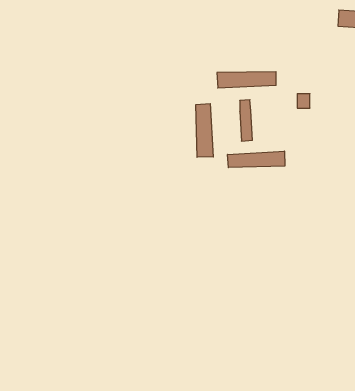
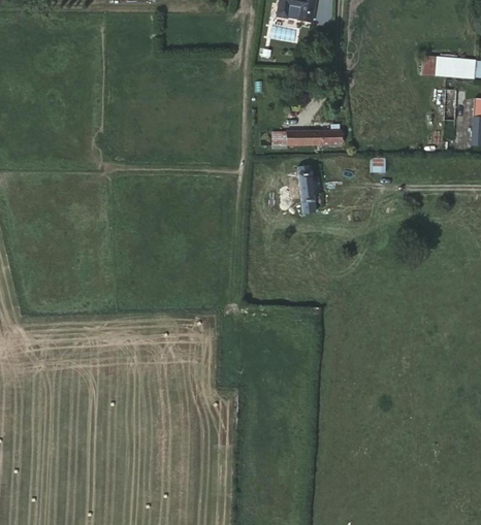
building: [196,104,213,157] -> none
building: [228,151,285,168] -> none

